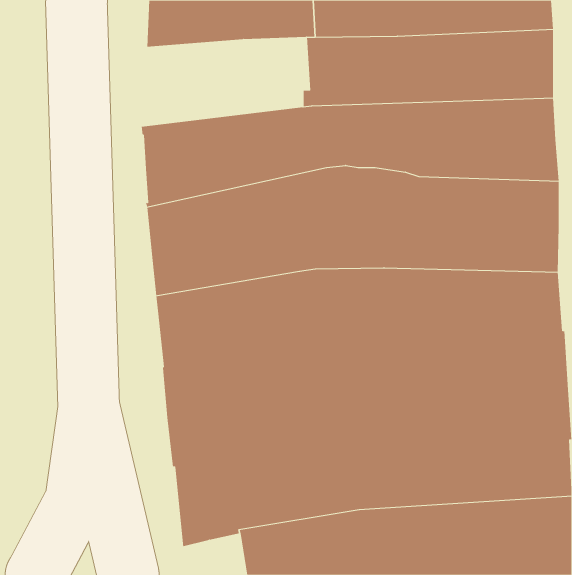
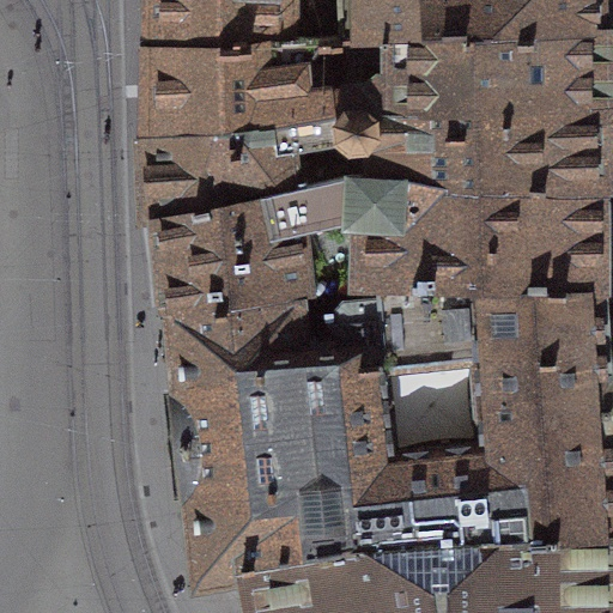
building: none -> [153,40,329,134]

